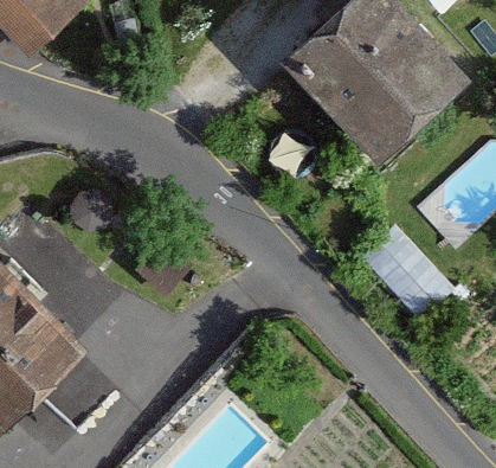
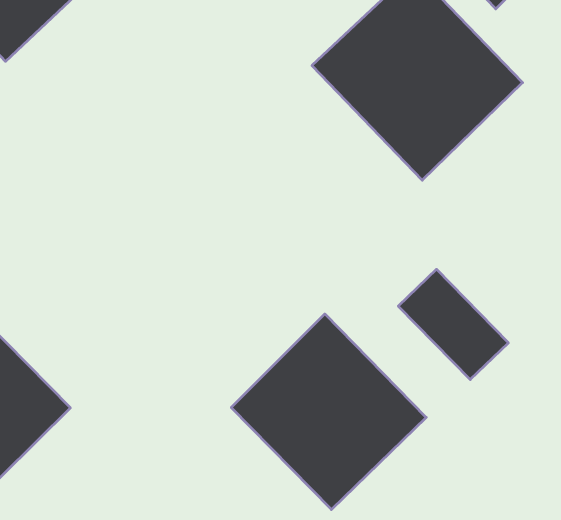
building: none -> [231,314,426,510]

